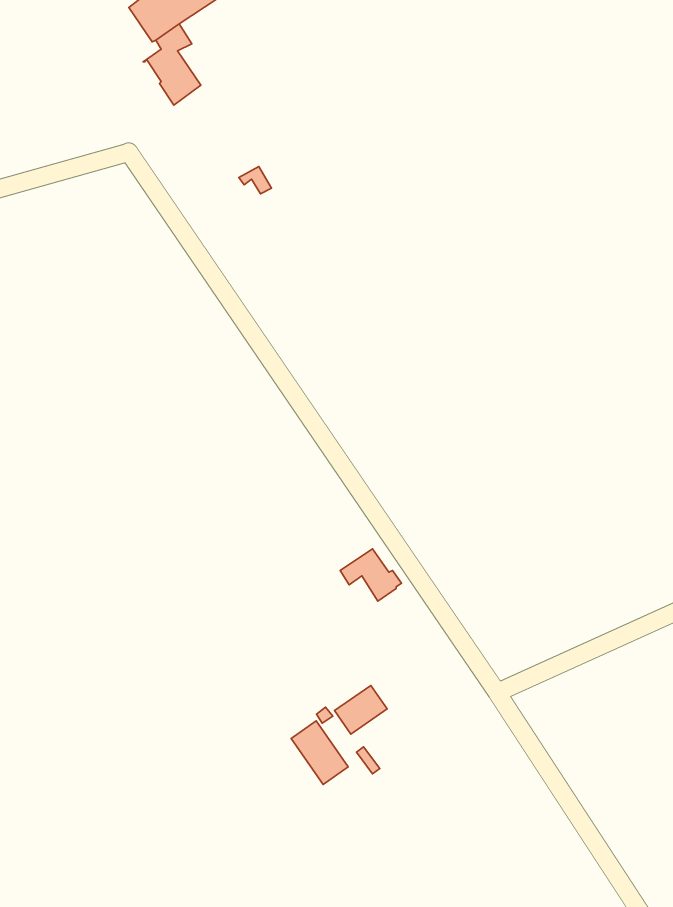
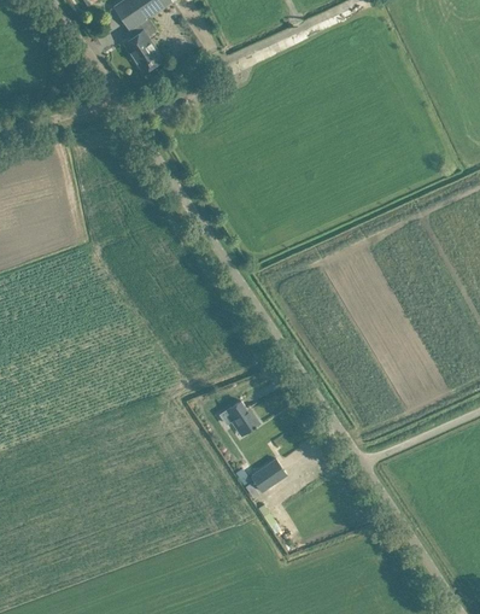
building: [340,549,401,601] -> [218,400,259,435]
building: [291,721,348,784] -> none

